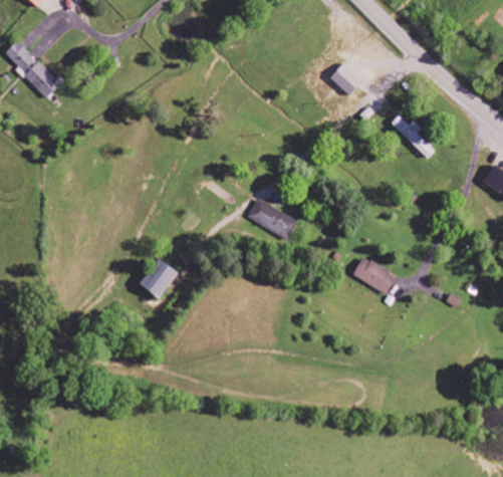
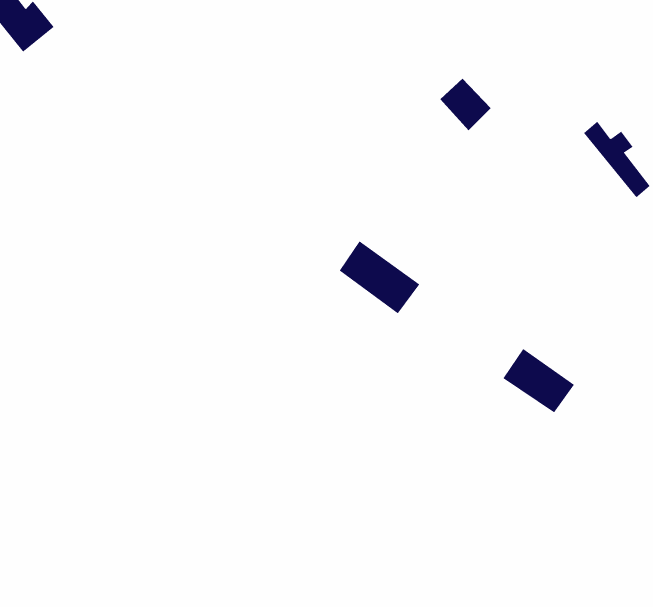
building: [330,62,362,94] -> [439,78,492,131]
building: [140,257,179,297] -> none

